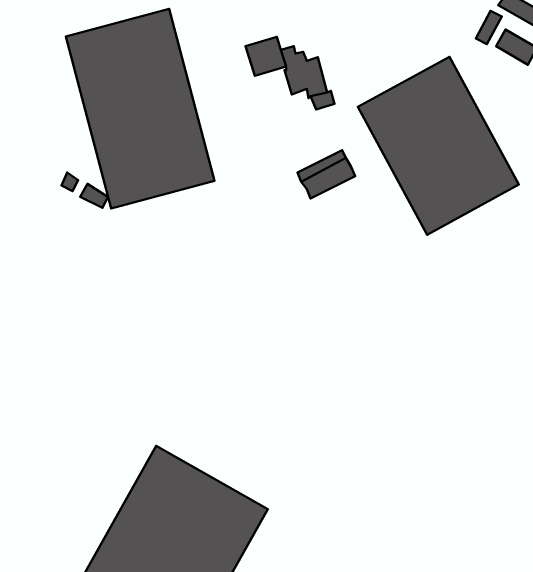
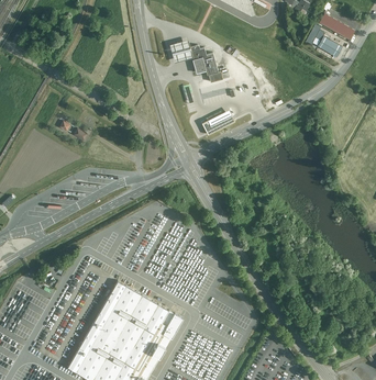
building: [66,9,214,209] -> none
building: [358,57,519,235] -> none

